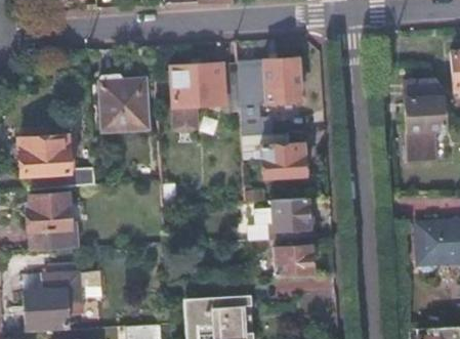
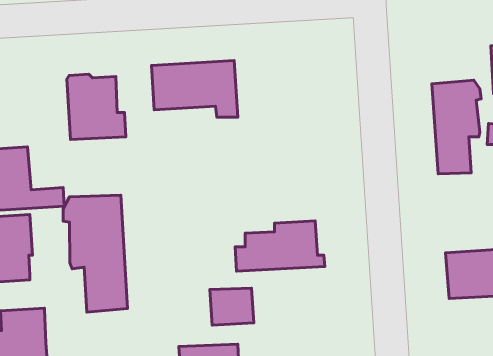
building: [240,59,301,136] -> none
building: [262,144,306,177] -> none
building: none -> [63,195,127,312]
building: [276,247,312,278] -> [210,288,254,325]

